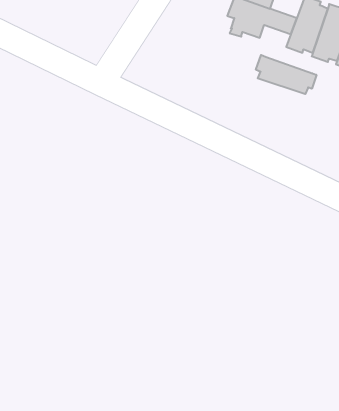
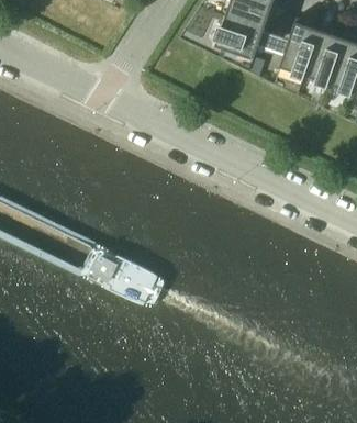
building: [256,55,316,94] -> none

